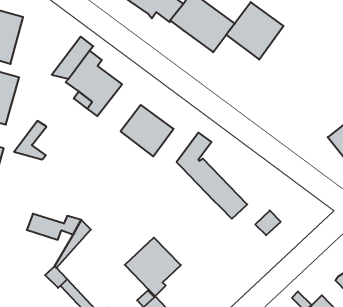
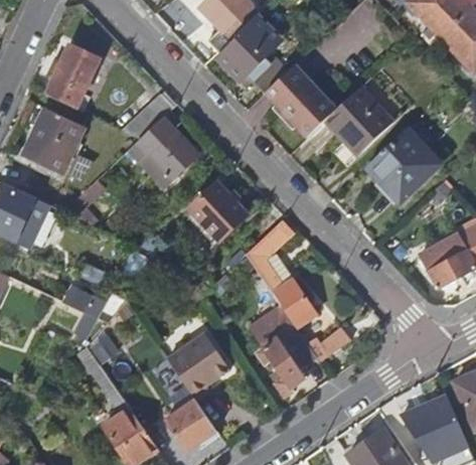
building: none -> [365,130,439,202]
building: none -> [247,304,316,394]

